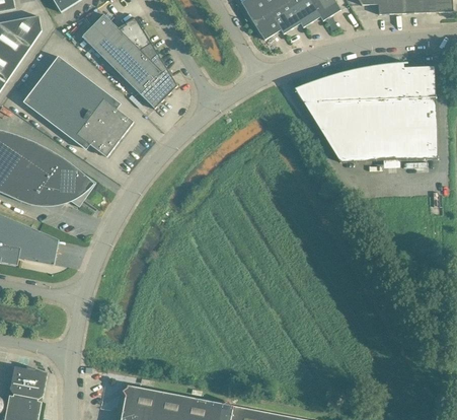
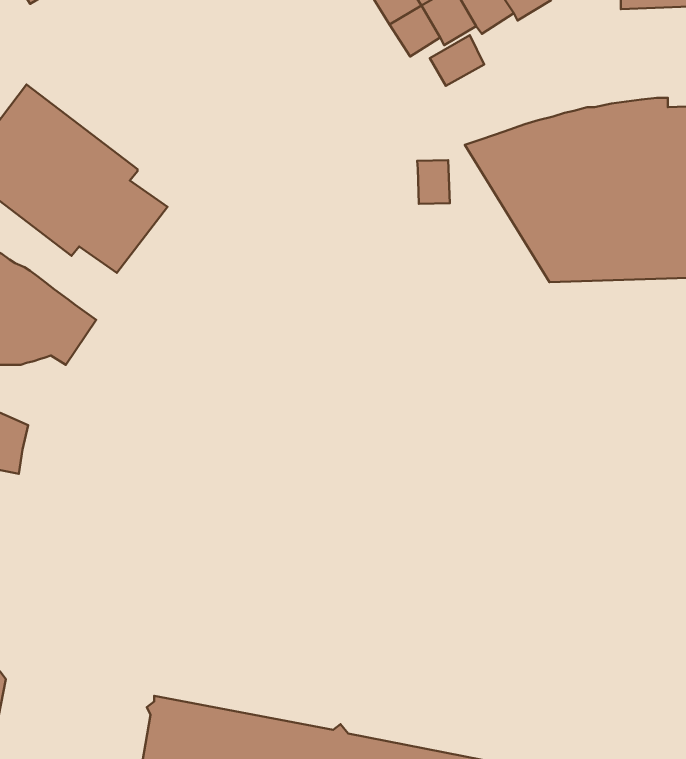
building: [80,14,176,109] -> none
building: none -> [430,35,484,86]
building: none -> [417,160,450,204]

